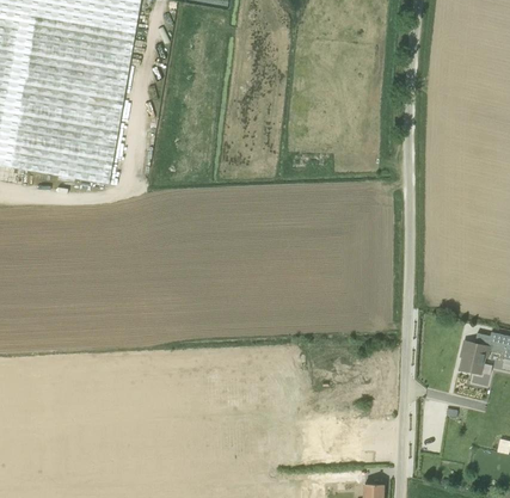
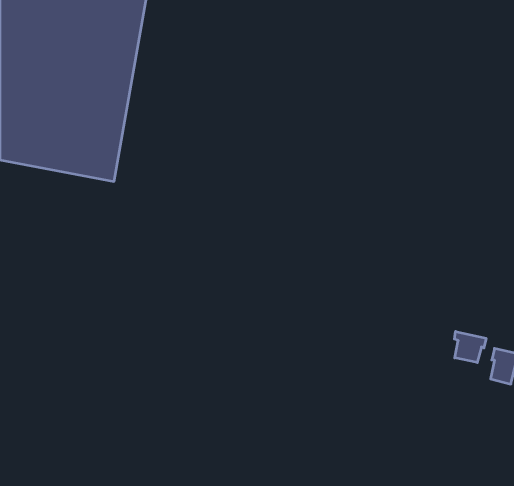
building: none -> [454,331,486,363]

